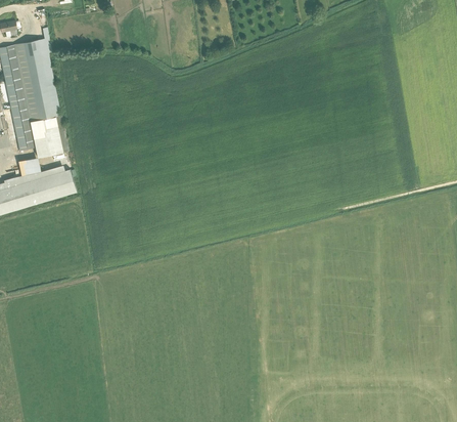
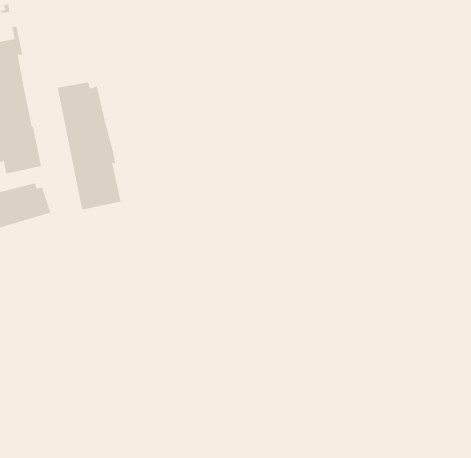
building: none -> [57,81,121,210]

